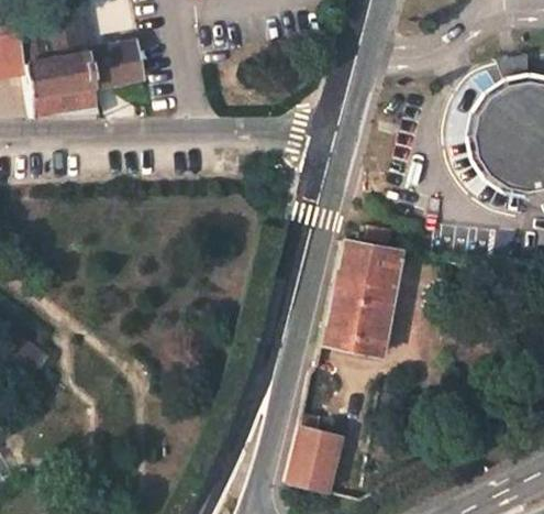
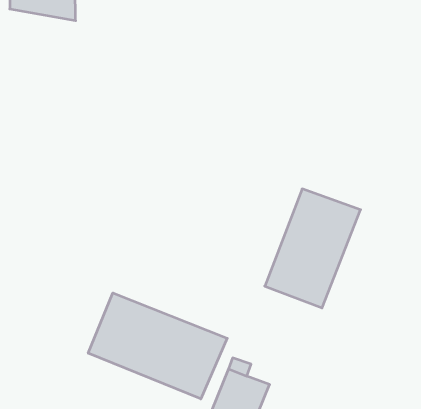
building: none -> [88,293,227,399]

